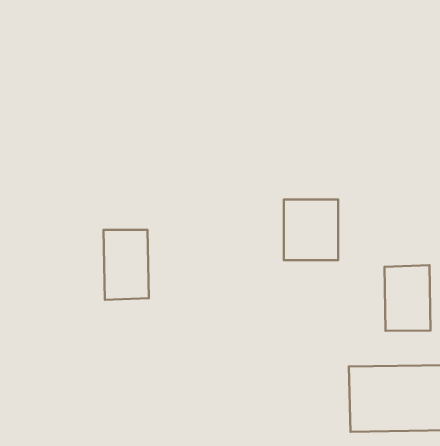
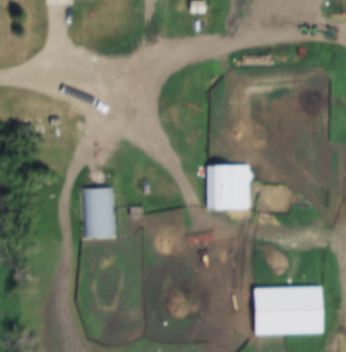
building: [384,265,431,331] -> none

